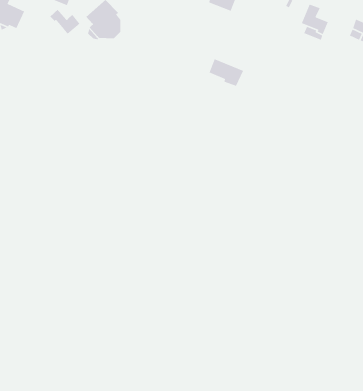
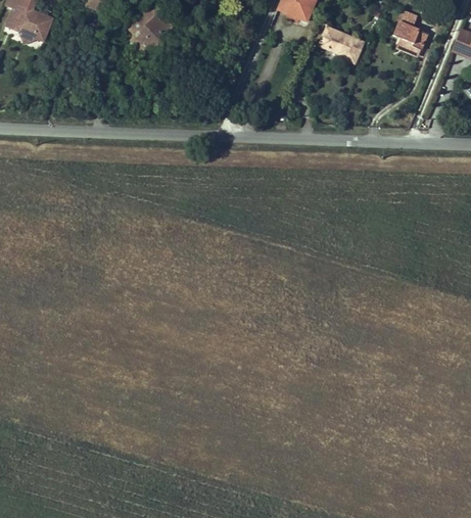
building: [50,9,80,35] -> none
building: [208,58,244,87] -> [320,26,364,61]

